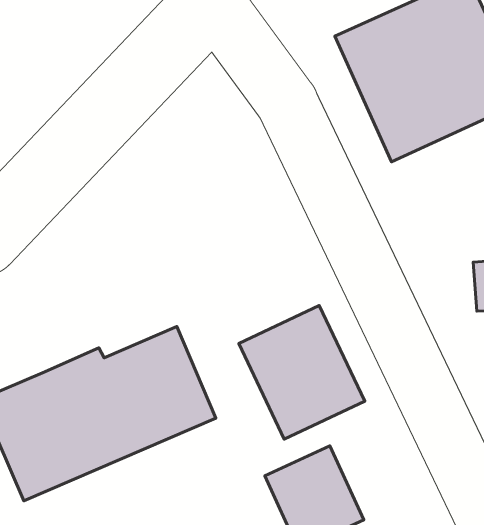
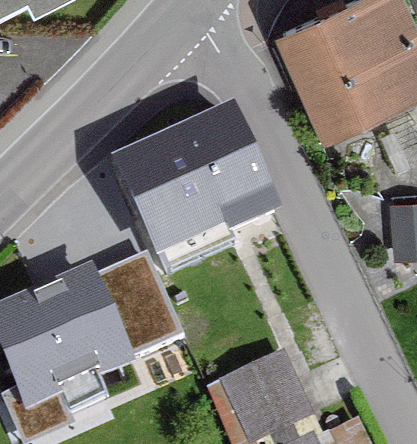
building: none -> [124,127,268,248]
building: [239,306,365,439] -> none

